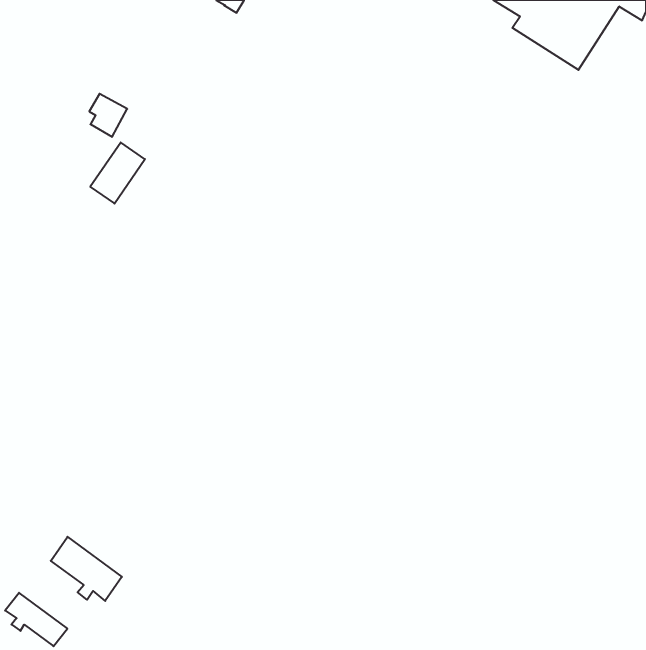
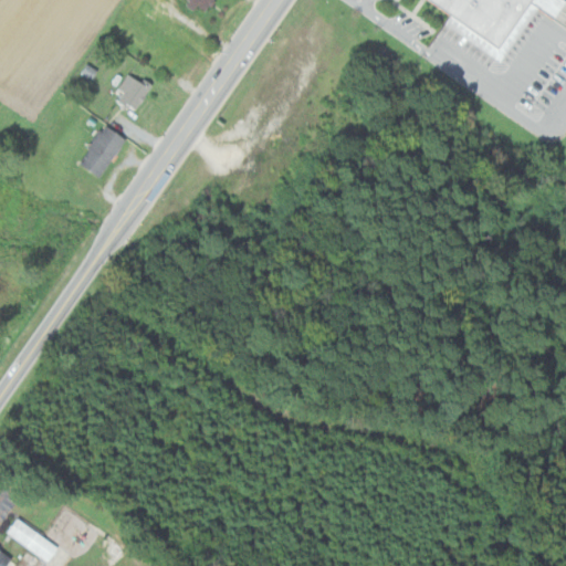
building: [89,94,127,137] -> [117,73,150,111]
building: [51,537,122,601] -> none

